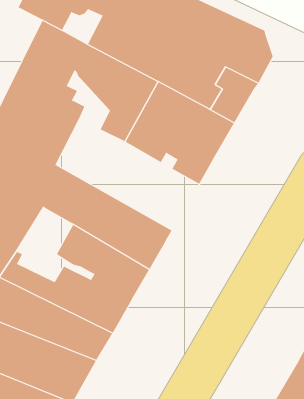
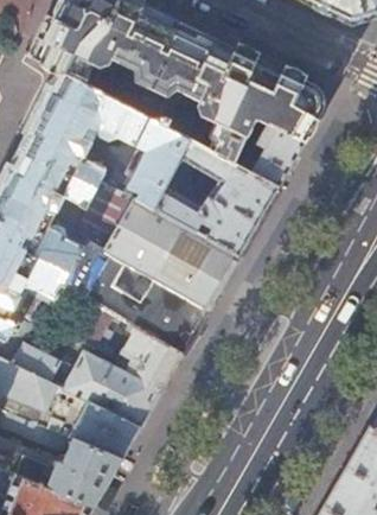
building: none -> [74,182,237,310]

